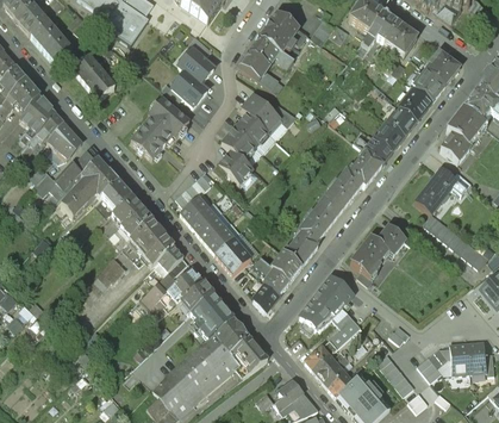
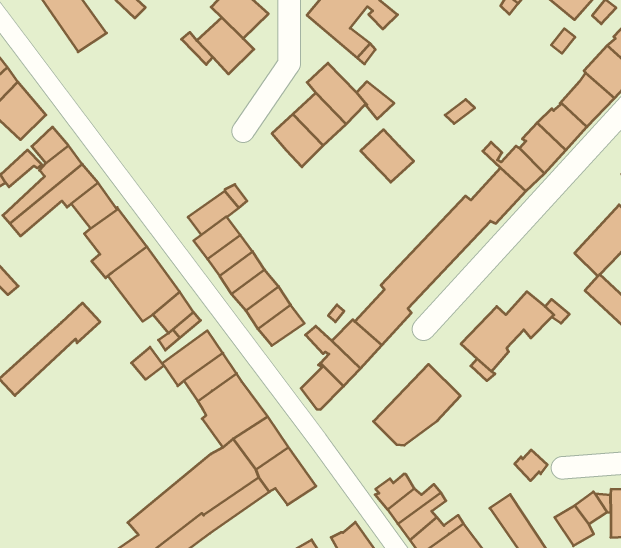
building: [131,99,188,158] -> none
building: [219,150,252,182] -> [361,130,414,182]
building: [323,311,361,353] -> none

